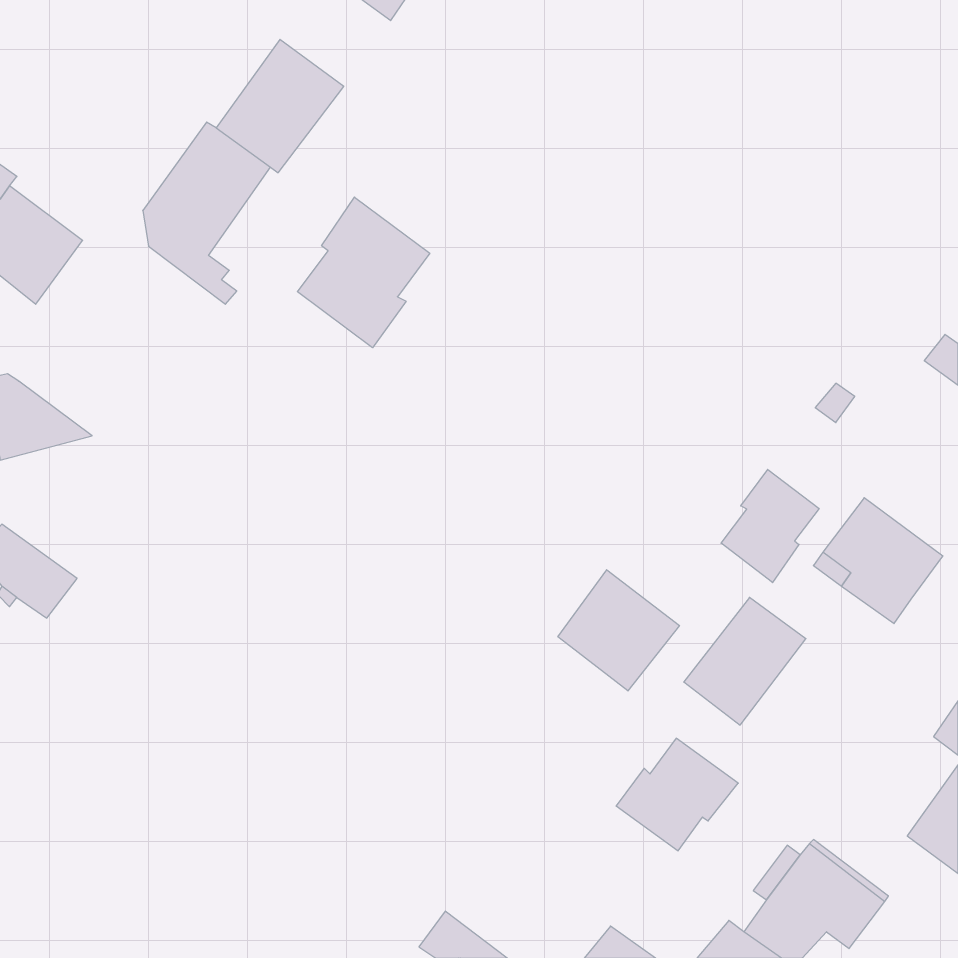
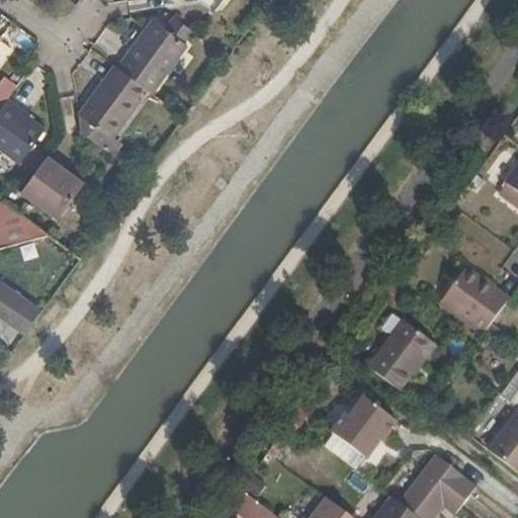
building: [297,197,430,348] -> none
building: none -> [20,156,83,218]
building: [721,469,819,583] -> none
building: [558,570,679,691] -> none

